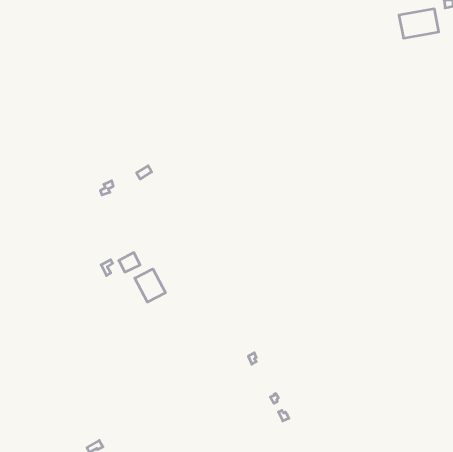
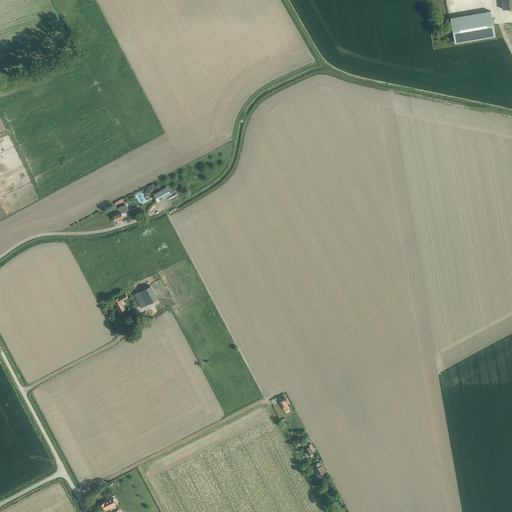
building: [135,269,165,302] -> none

